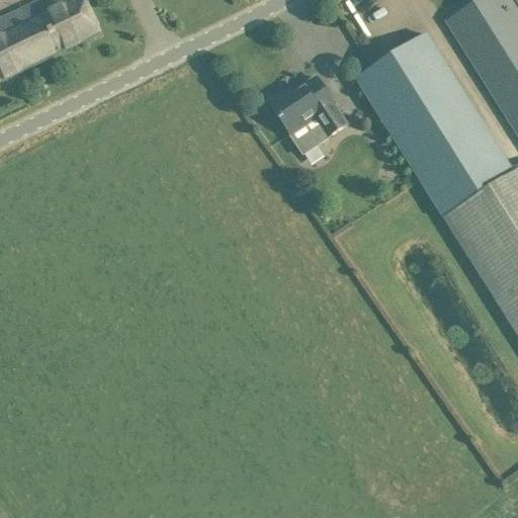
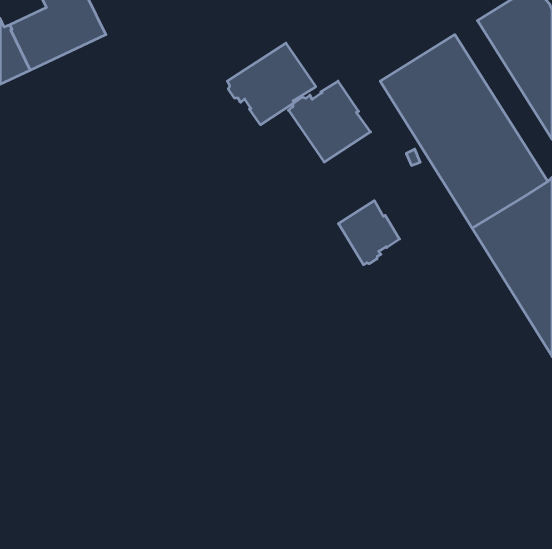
building: none -> [227,43,316,125]
building: none -> [338,201,400,265]

